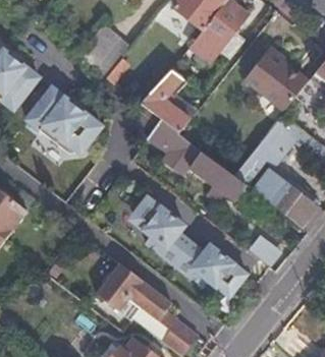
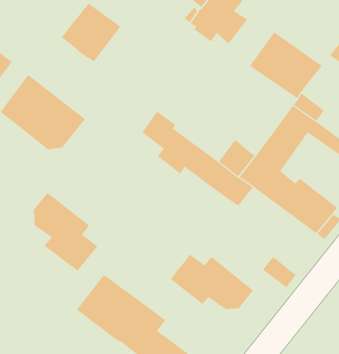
building: [143,69,198,131] -> none
building: [136,195,192,263] -> [33,192,98,272]

